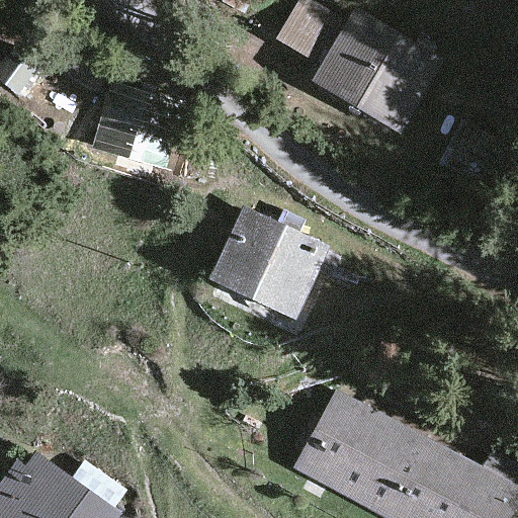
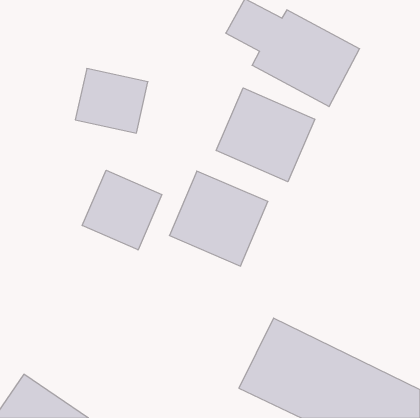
building: none -> [216,88,315,182]
building: none -> [82,170,162,250]

